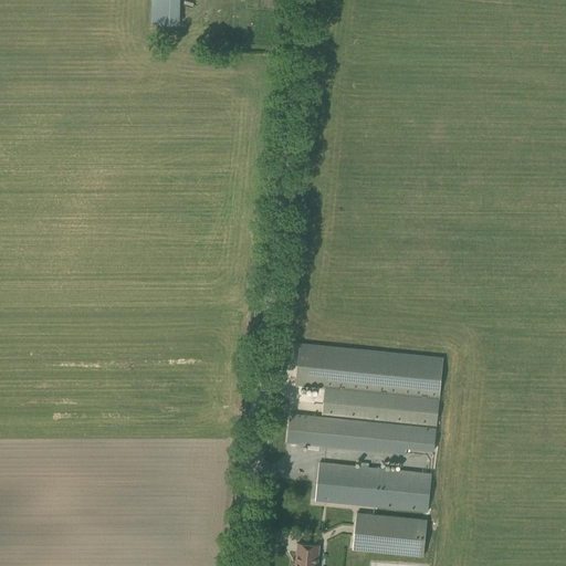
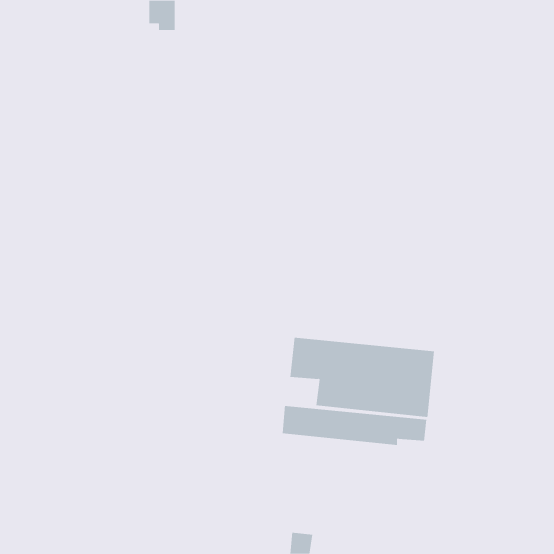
building: [315,462,431,511] -> none
building: [354,513,427,556] -> none

